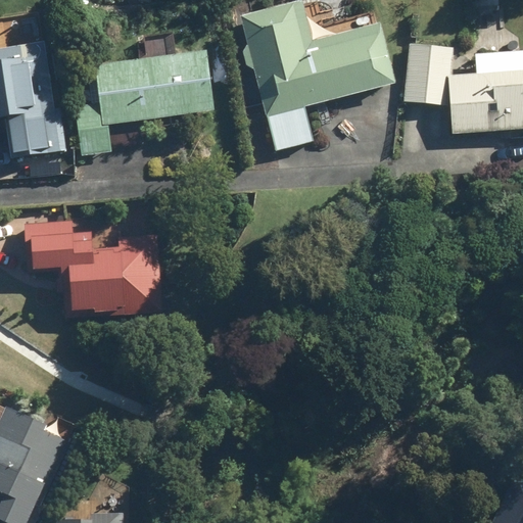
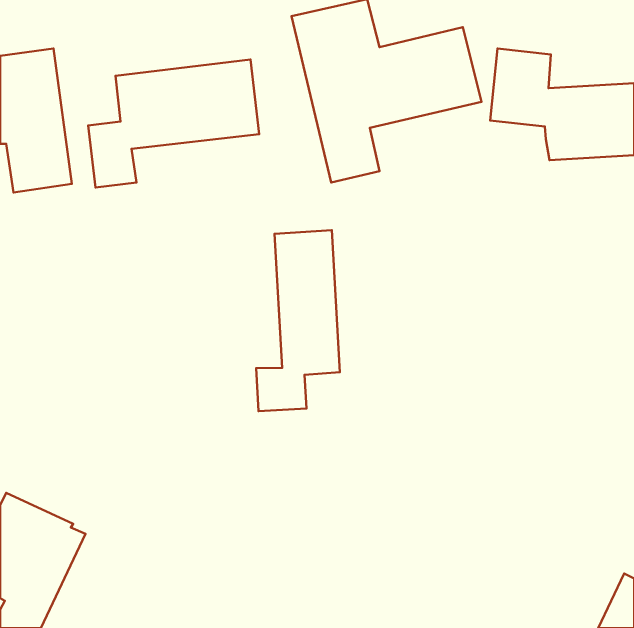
building: none -> [256,230,340,411]
building: [25,219,162,318] -> none

